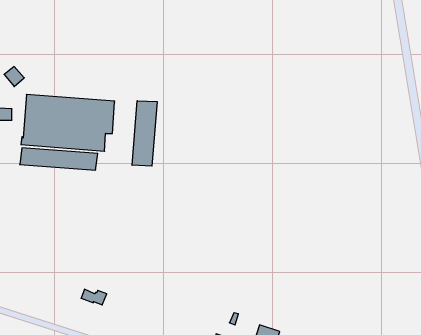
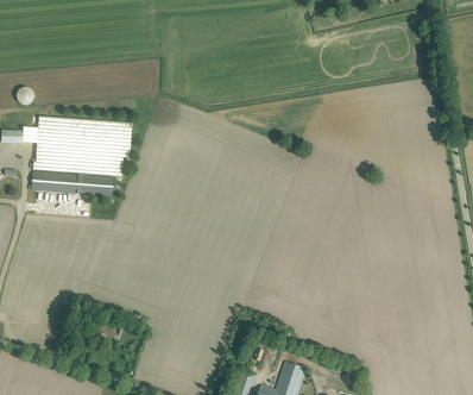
building: [132,101,157,166] -> none

